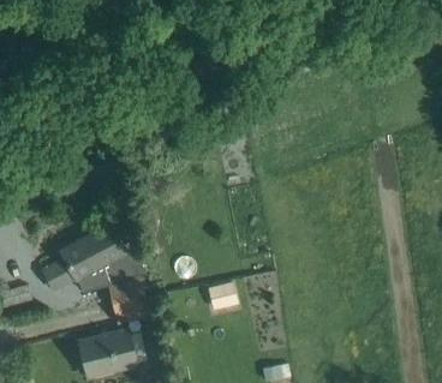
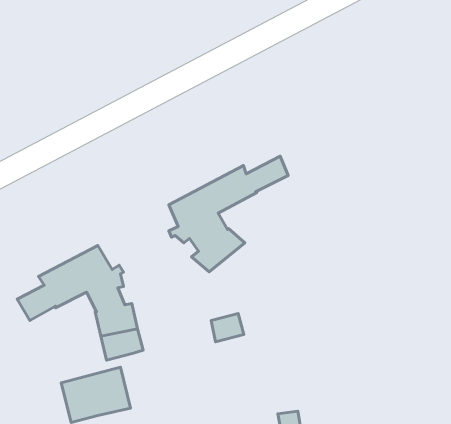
building: none -> [169,156,288,272]

